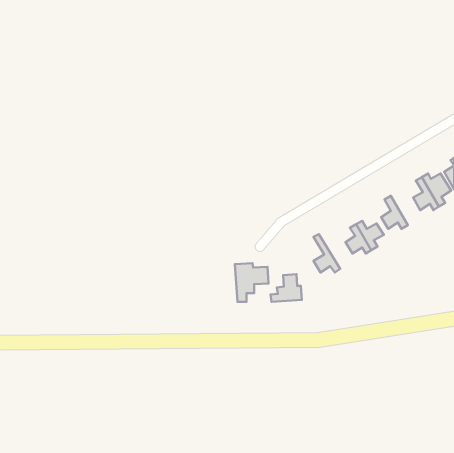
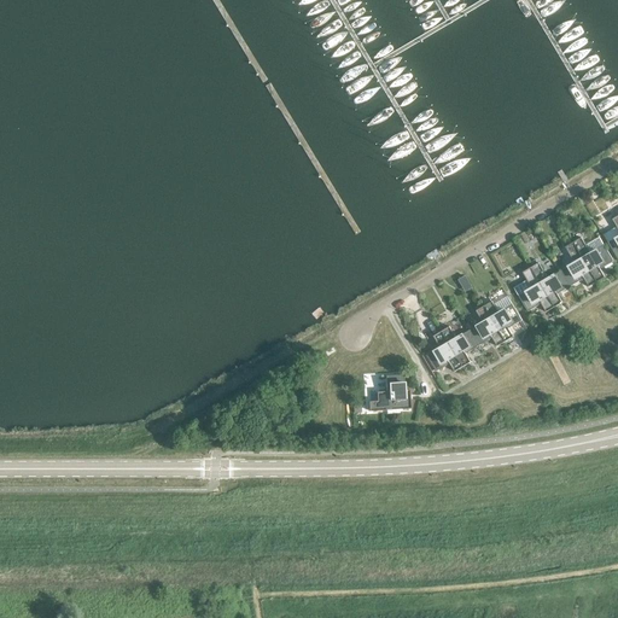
building: none -> [530,261,570,305]
building: none -> [432,313,478,365]
building: [235,263,269,302] -> none

